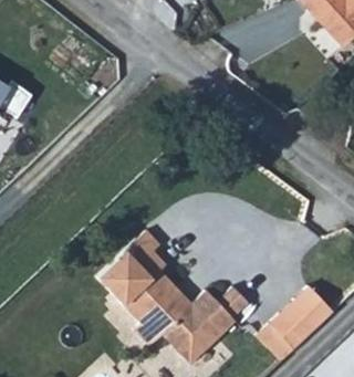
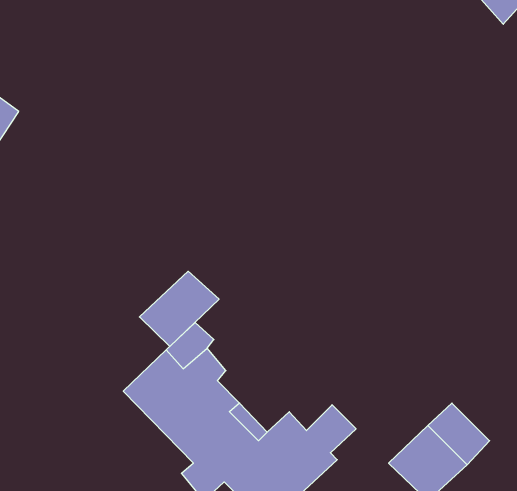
building: none -> [139,271,219,346]

